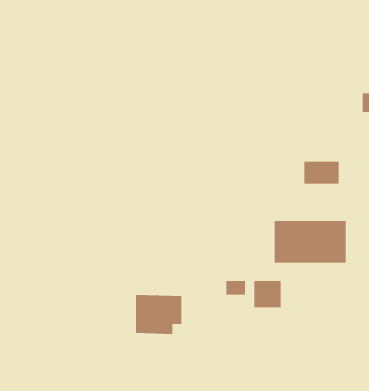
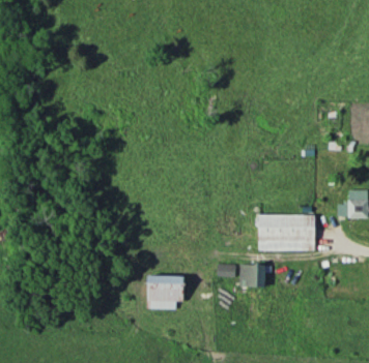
building: [304,161,339,184] -> none

